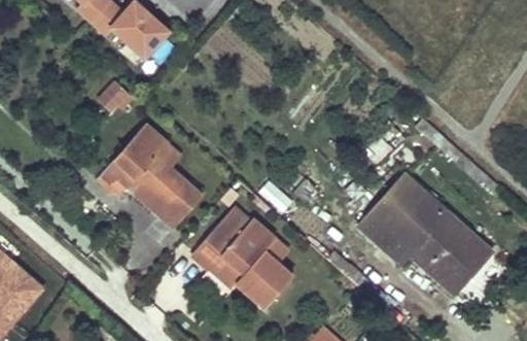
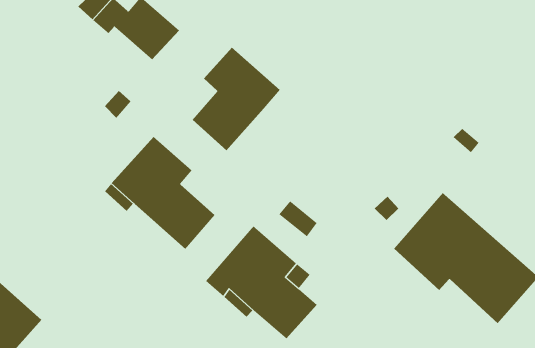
building: none -> [192,47,281,151]

